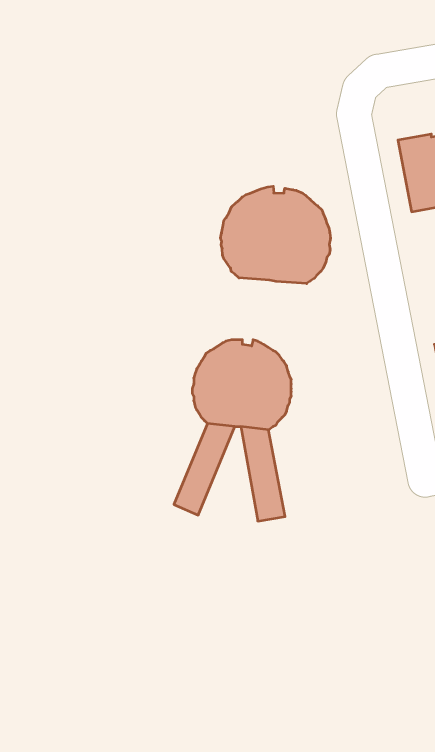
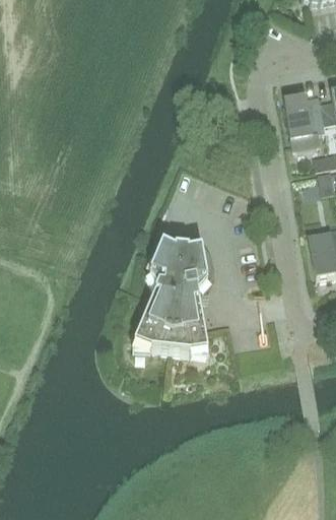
building: [221,186,330,284] -> none
building: none -> [151,291,191,354]

